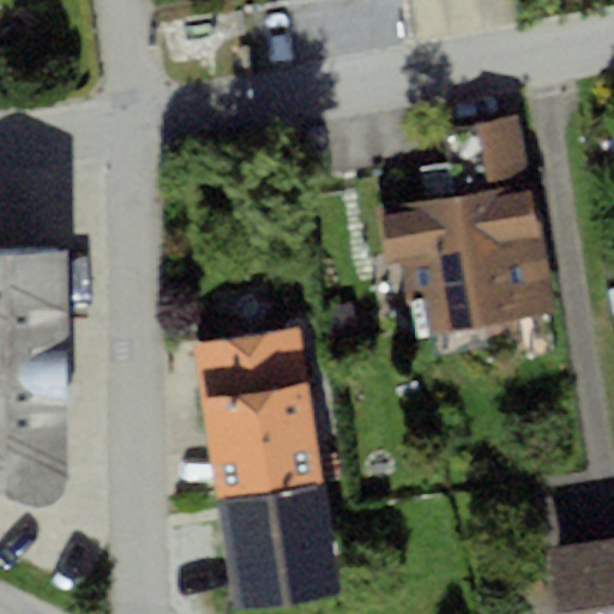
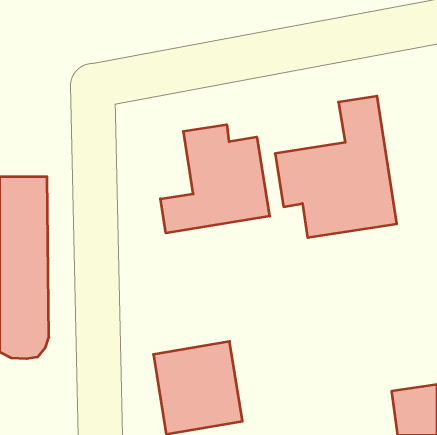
building: none -> [160,125,270,233]
building: [189,323,321,495] -> none

